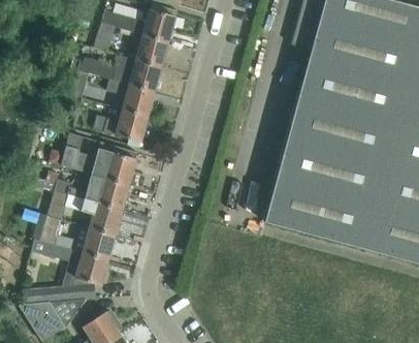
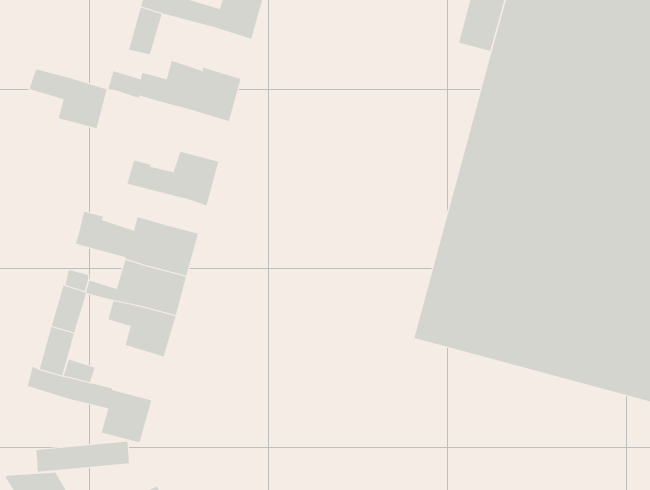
building: [137,34,167,65] -> none
building: [106,79,154,115] -> [29,69,108,129]
building: [84,225,115,258] -> none

